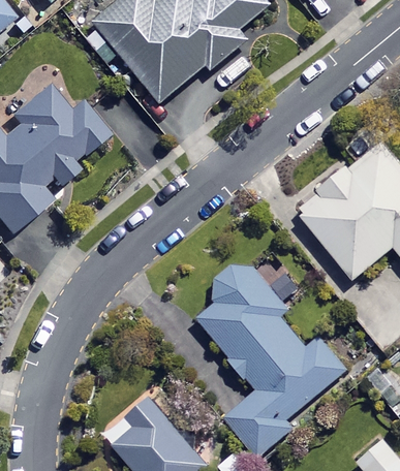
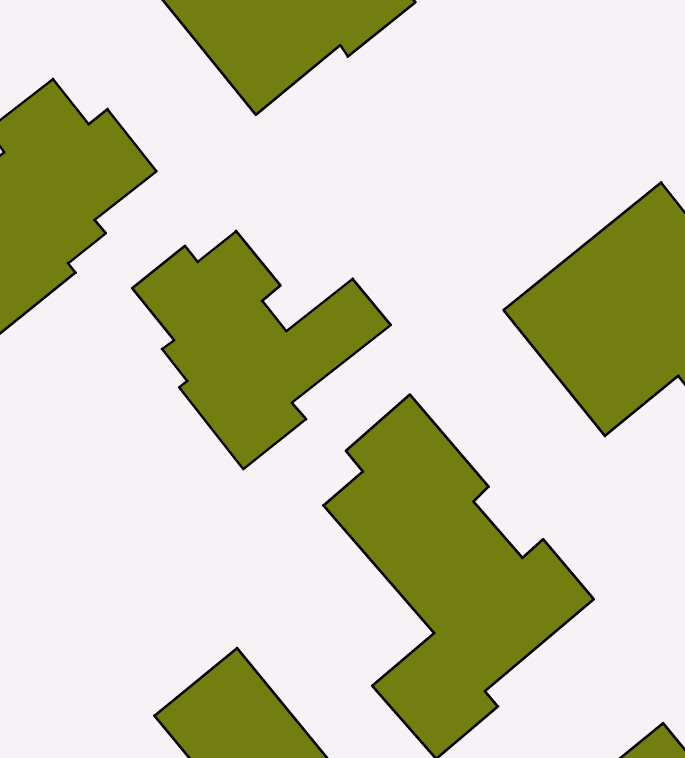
building: none -> [132,231,391,469]

